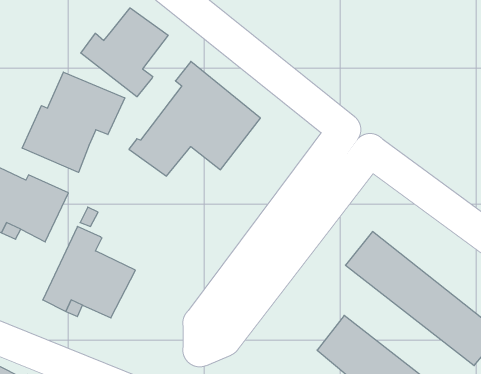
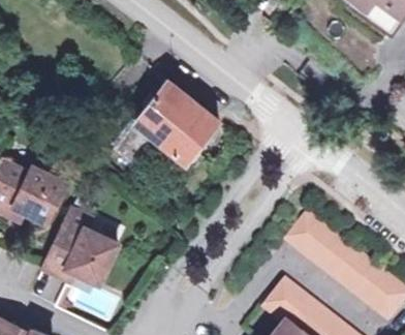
building: [81,8,168,97] -> none
building: [22,72,125,172] -> none

